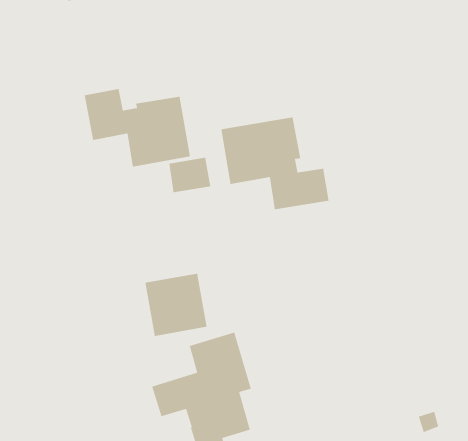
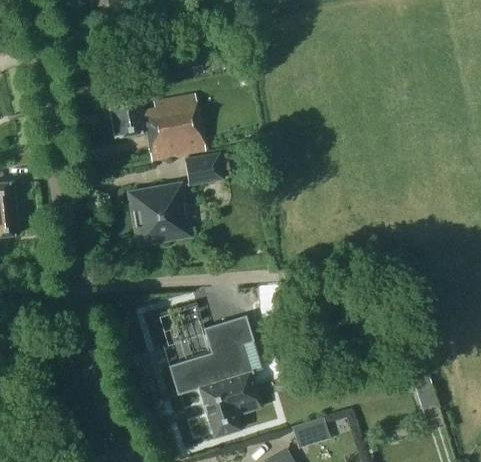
building: [220,116,329,210] -> none
building: [144,273,208,337] -> [129,184,188,244]

